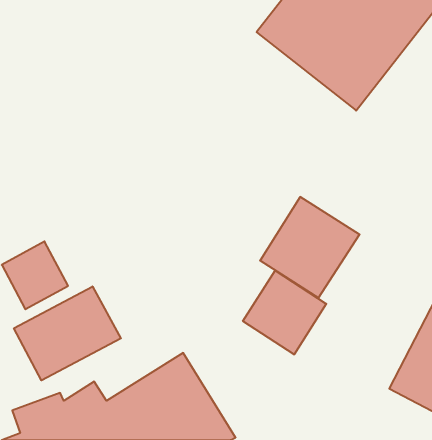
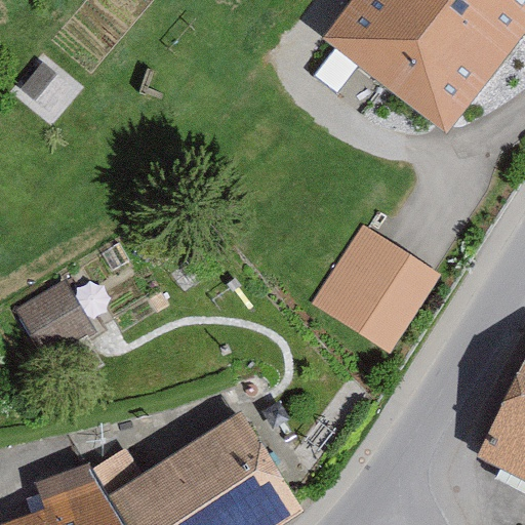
building: [243,270,326,355] -> none
building: [14,286,121,380] -> none

